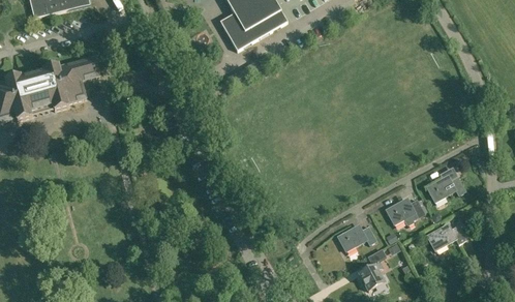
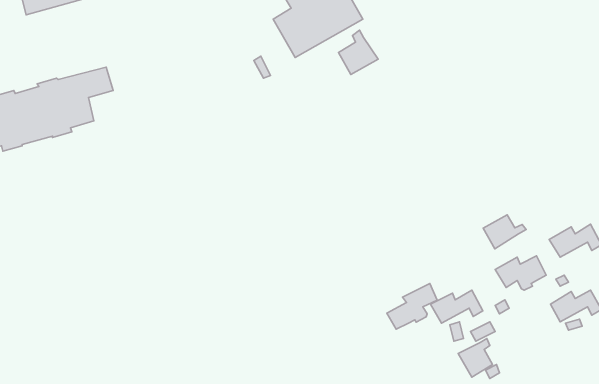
building: none -> [338,30,378,75]
building: none -> [483,215,526,249]
building: none -> [387,284,437,329]

